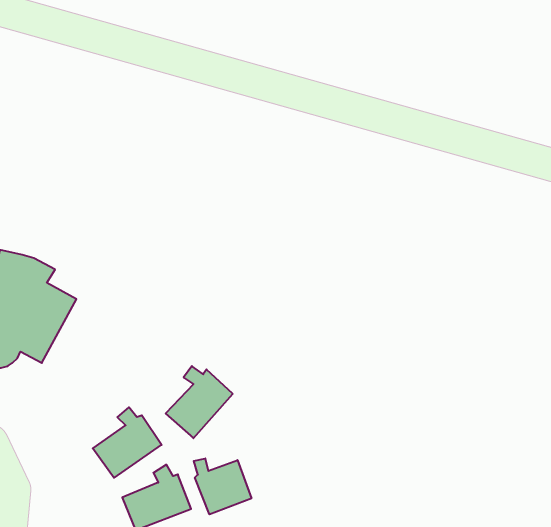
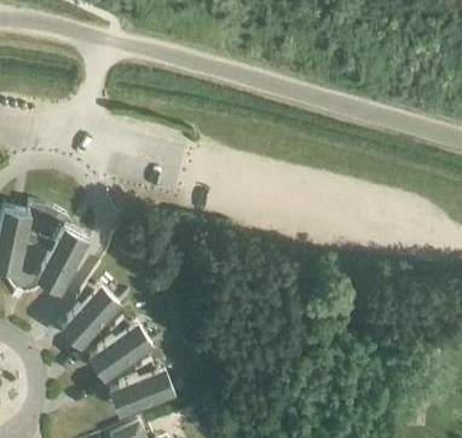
building: [166,366,233,438] -> [67,288,116,341]
building: [194,458,251,514] -> none

